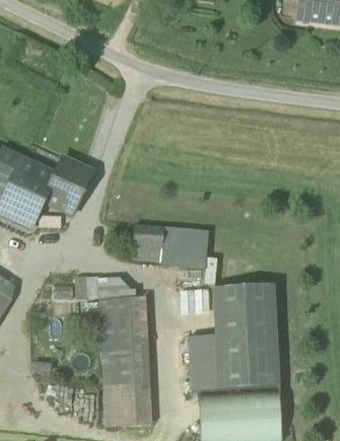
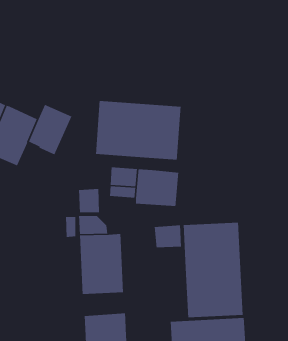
building: none -> [95,100,181,160]
building: none -> [78,188,100,213]
building: [190,335,217,390] -> none
building: [103,362,150,386] -> none

